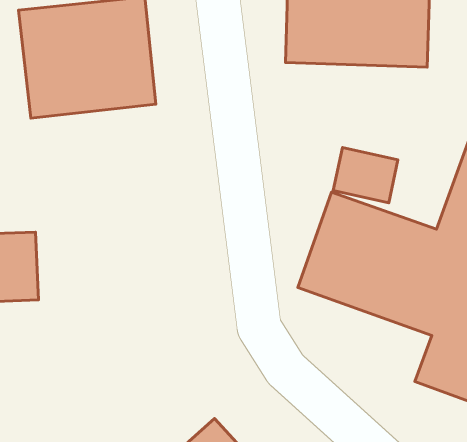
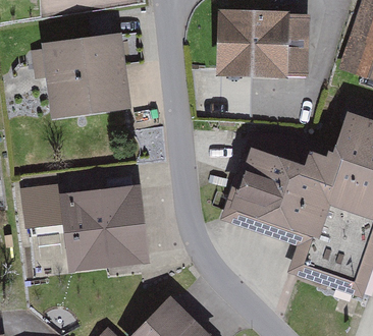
building: none -> [59,180,150,266]

